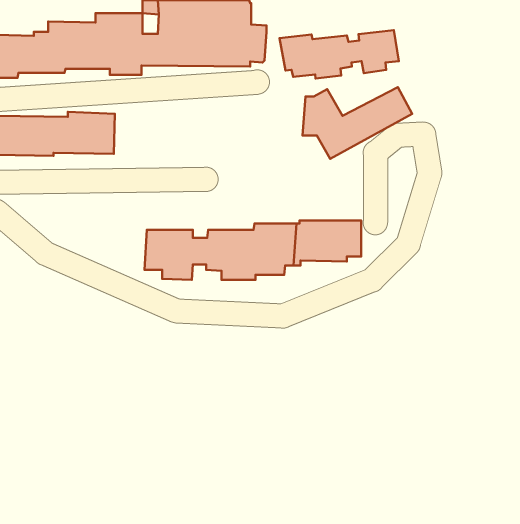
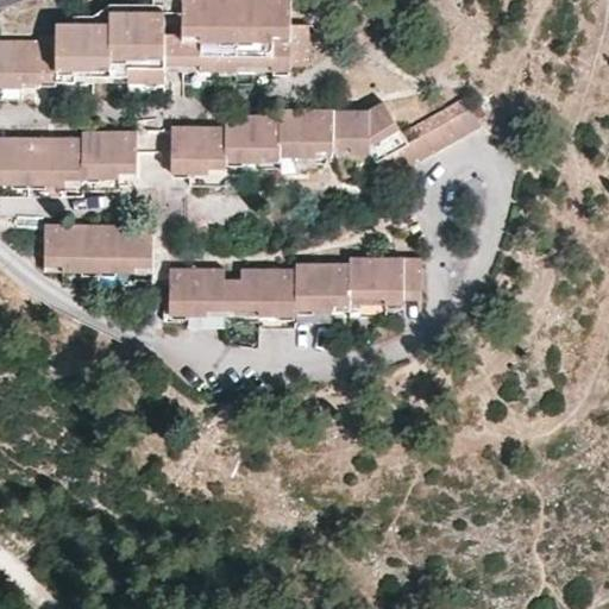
building: [279,30,399,78] -> none
building: none -> [169,111,354,175]
building: none -> [43,221,150,269]

